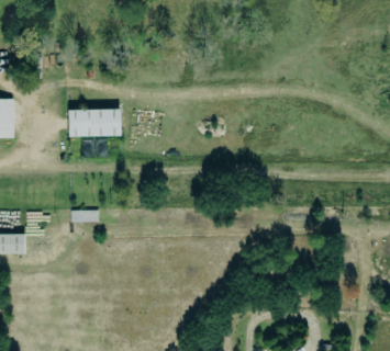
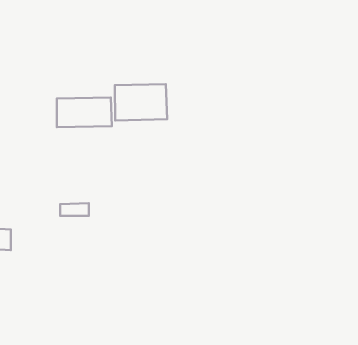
building: none -> [115,84,167,120]

